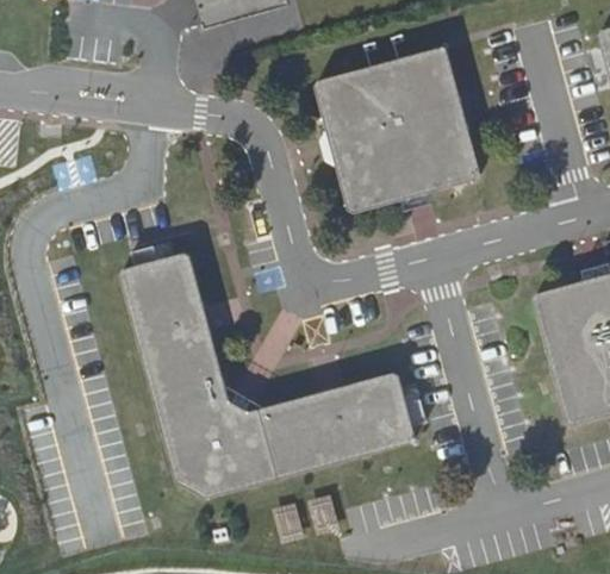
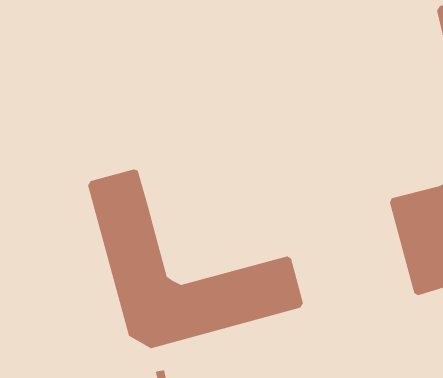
building: [313,45,481,212] -> none

